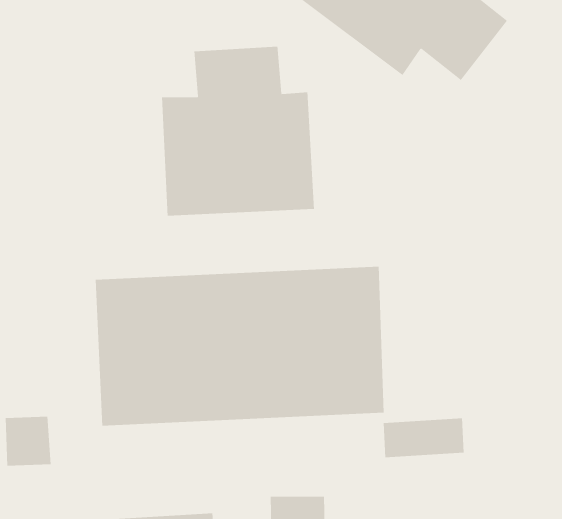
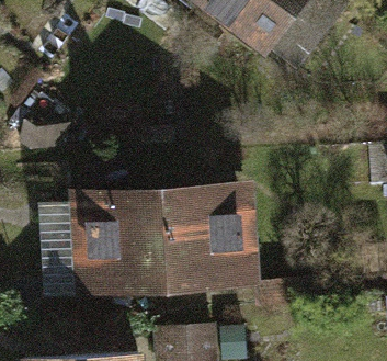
building: [162,46,315,217] -> none

